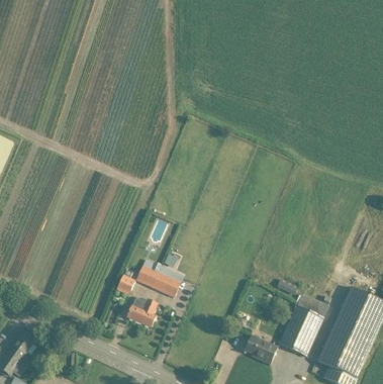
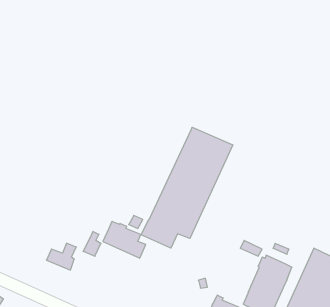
building: none -> [141,127,233,248]
building: [126,300,157,327] -> [46,243,76,270]

